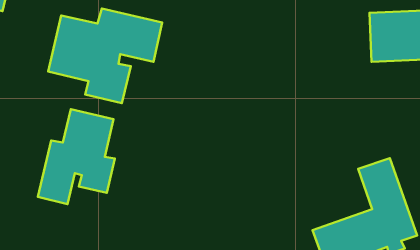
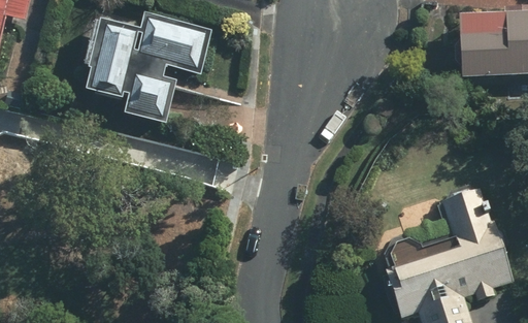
building: [38,109,115,204] -> none

